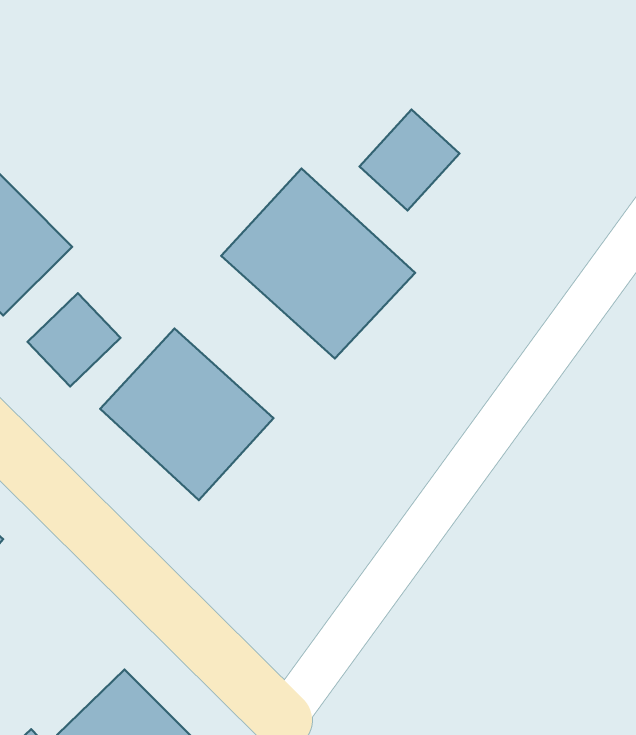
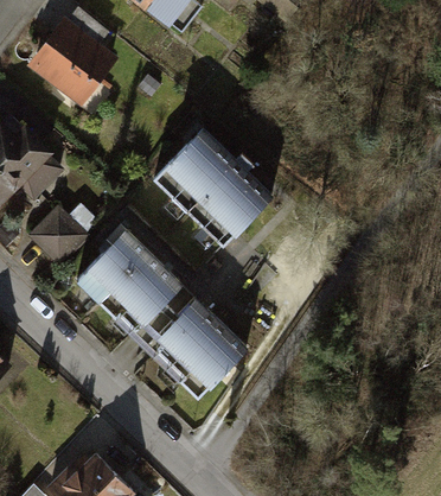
building: none -> [34,25,114,102]
building: [360,110,460,211] -> none
building: none -> [159,301,255,399]

